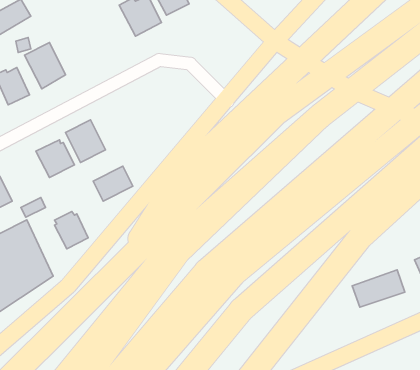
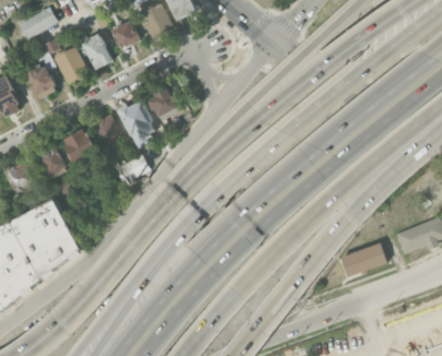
building: none -> [111,20,141,49]
building: none -> [82,34,112,69]
building: none -> [145,83,176,116]
building: none -> [118,99,153,139]
building: [54,211,88,249] -> [37,143,67,176]

